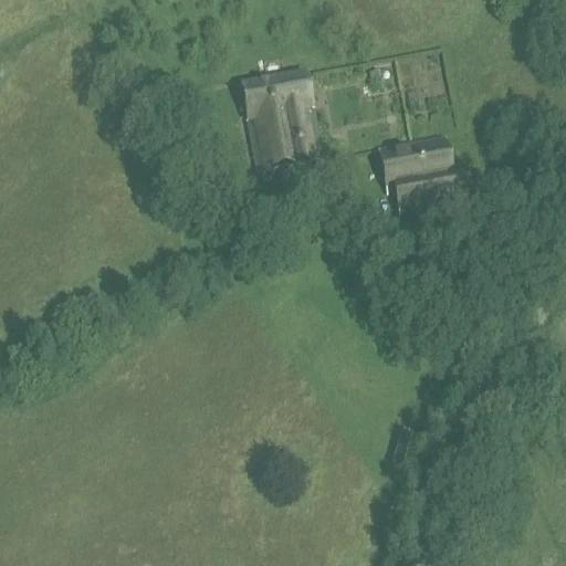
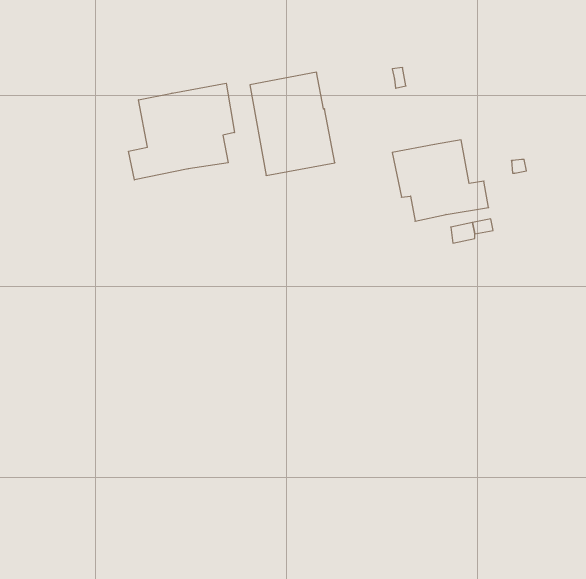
building: none -> [129,83,234,180]

